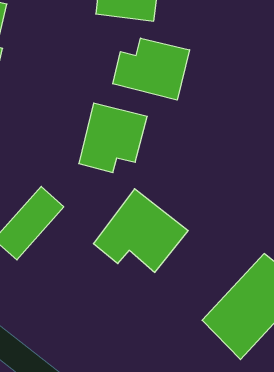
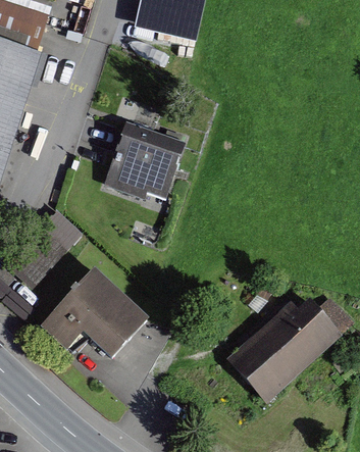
building: [113,38,190,100] -> none
building: [93,189,188,272] -> [42,268,144,359]

